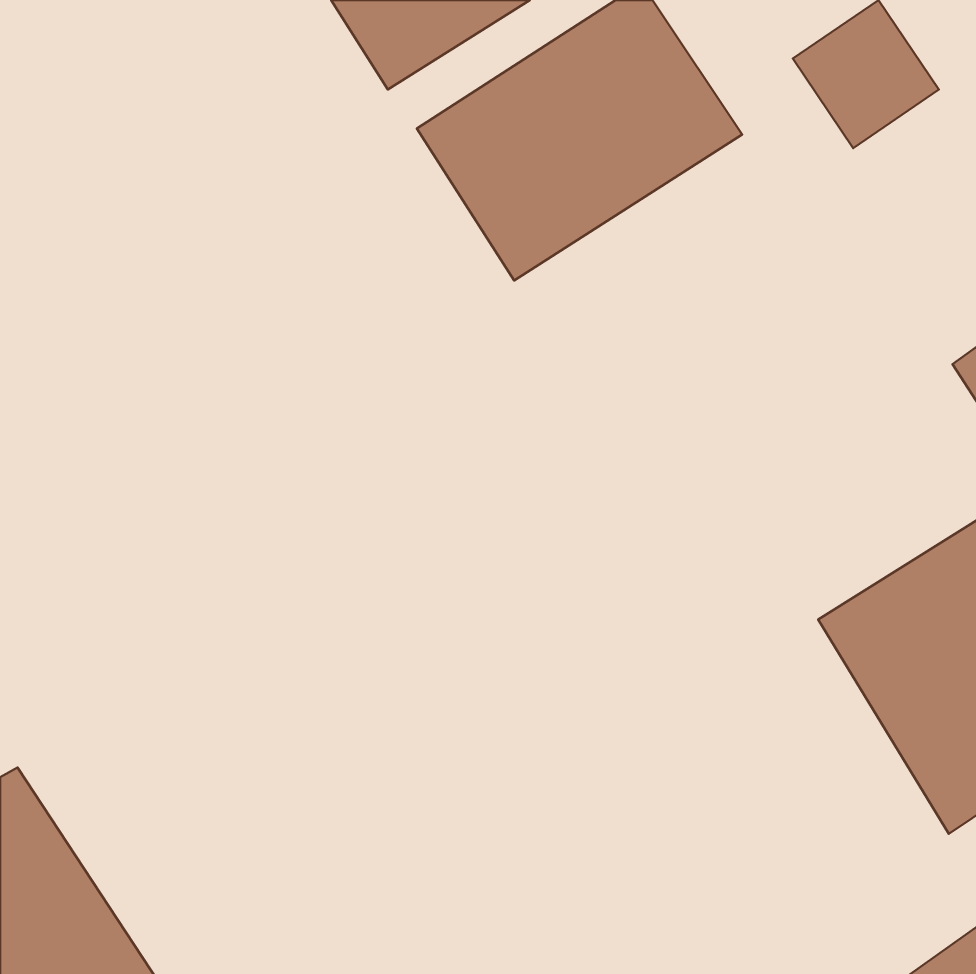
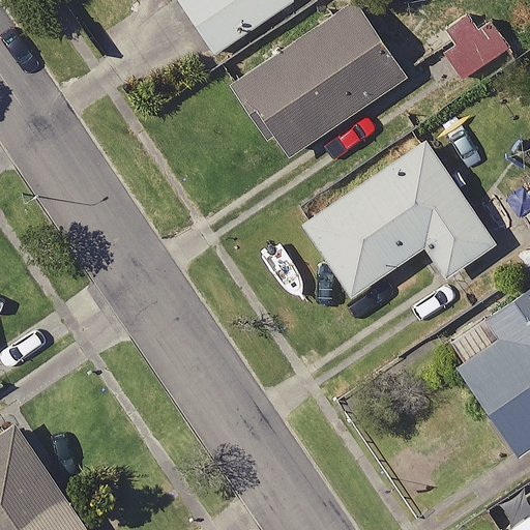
building: none -> [302,142,495,296]

